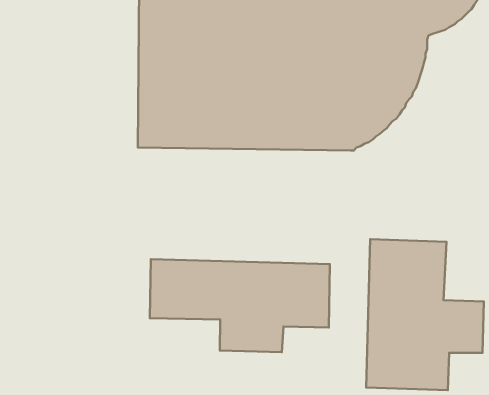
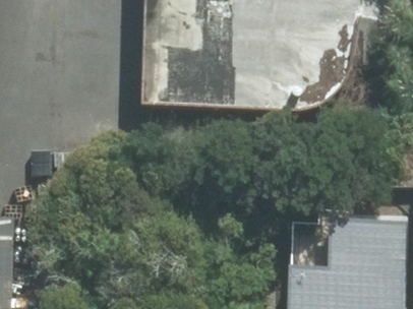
building: [150,259,330,352] -> none

